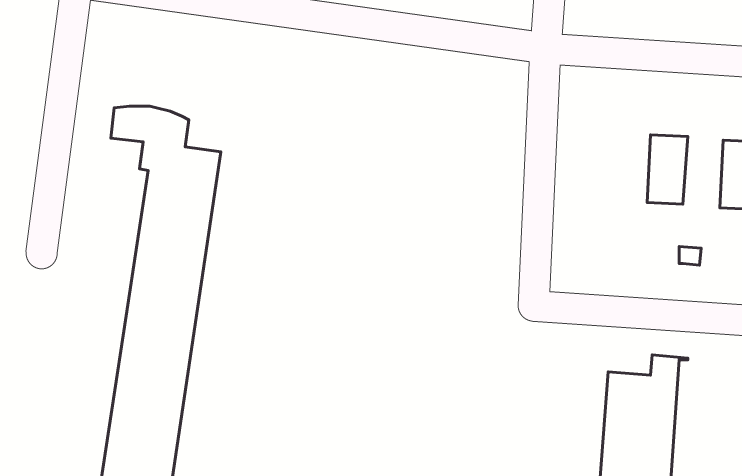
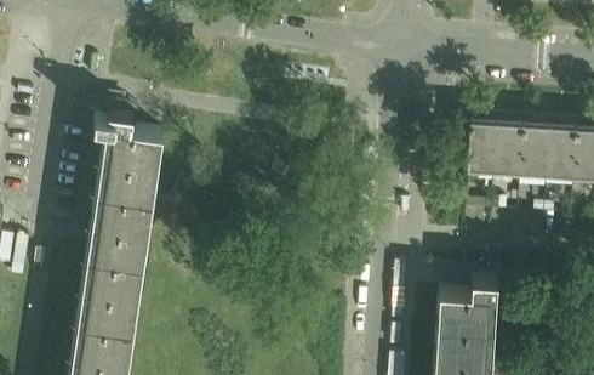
building: none -> [493,121,522,172]

